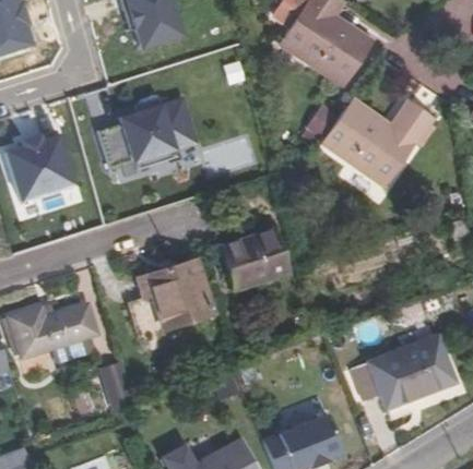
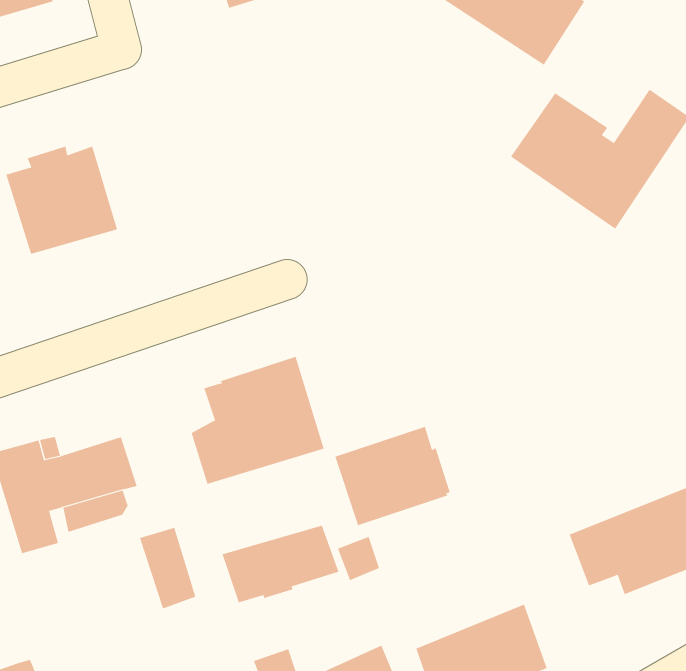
building: [100,95,201,169] -> none
building: [213,233,284,294] -> [334,426,450,526]
building: none -> [222,525,339,603]

